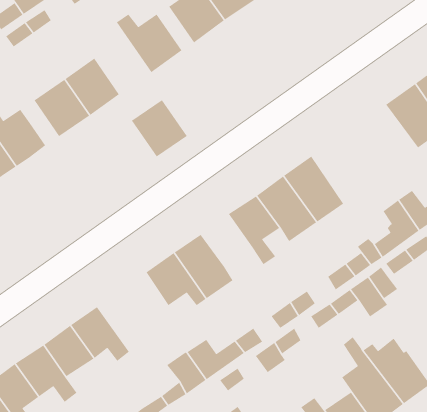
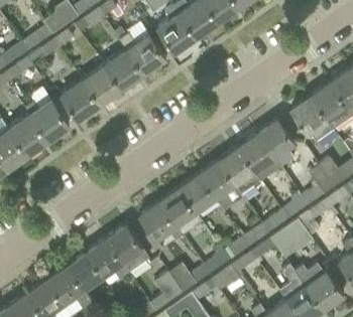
building: [131,99,188,157] -> [103,49,143,91]
building: none -> [290,98,333,143]
building: none -> [257,120,293,168]
building: none -> [179,175,215,212]
building: none -> [105,226,148,273]

